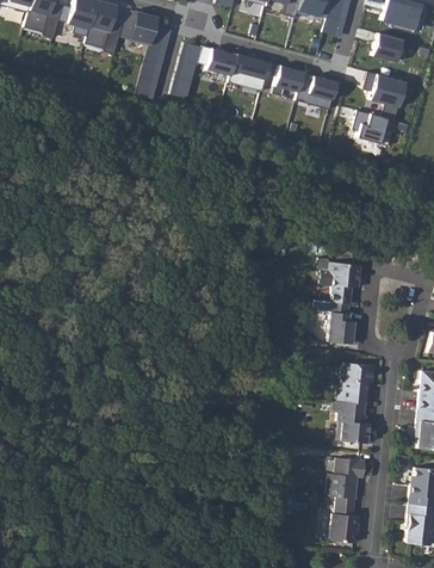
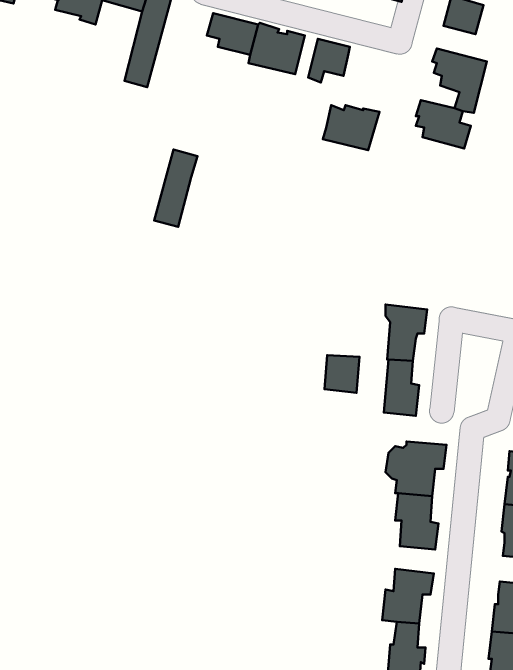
building: [170,42,203,99] -> [154,150,198,227]
building: [297,75,339,109] -> [323,105,379,150]
building: none -> [324,355,360,393]

